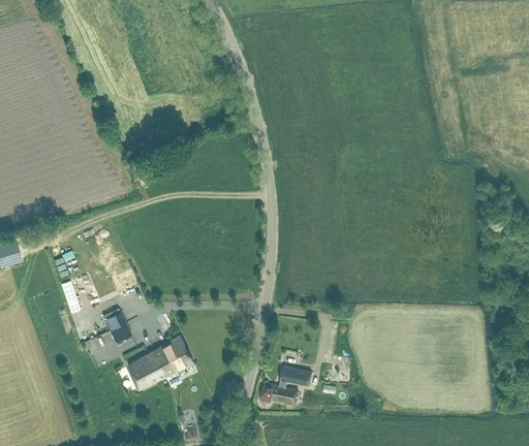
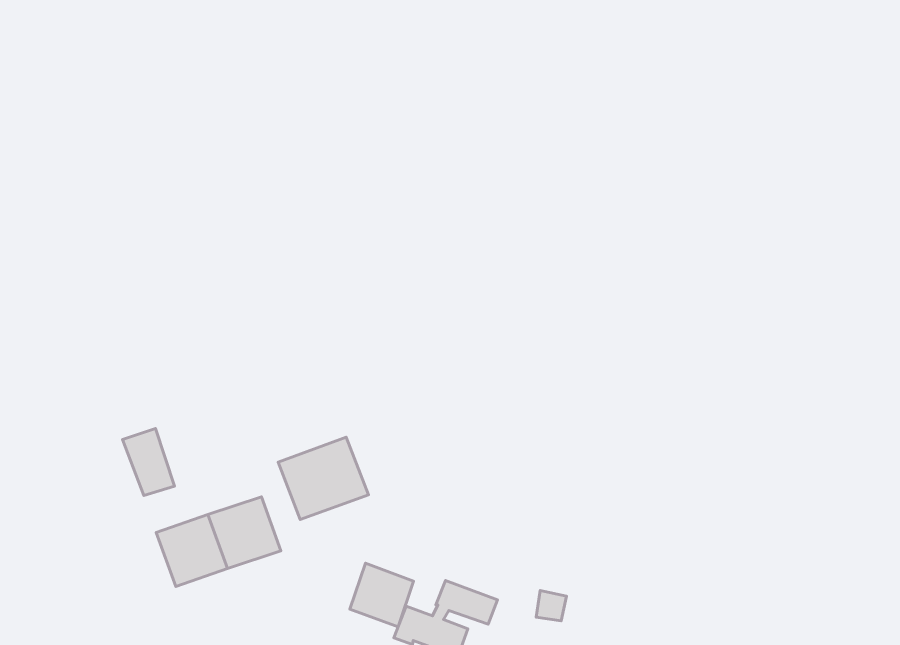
building: none -> [278,437,368,520]
building: none -> [350,563,414,627]

